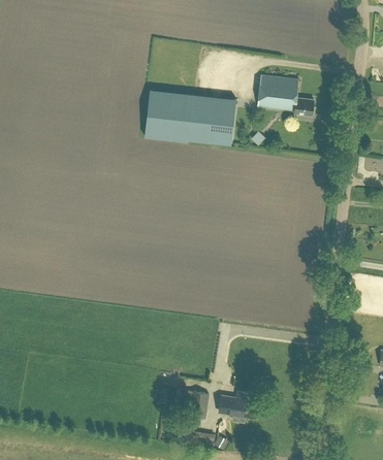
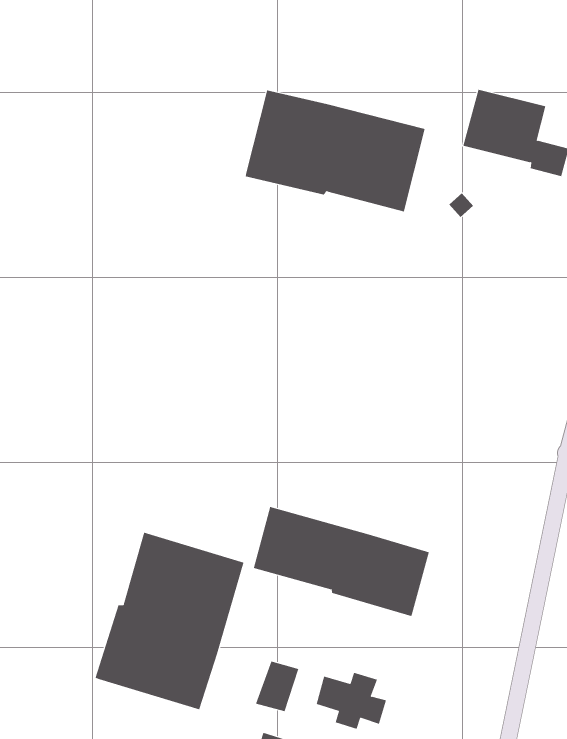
building: none -> [253,506,430,617]
building: none -> [95,532,244,710]

